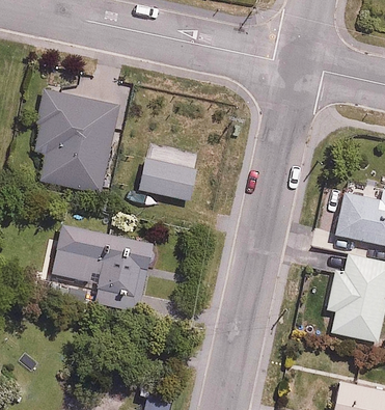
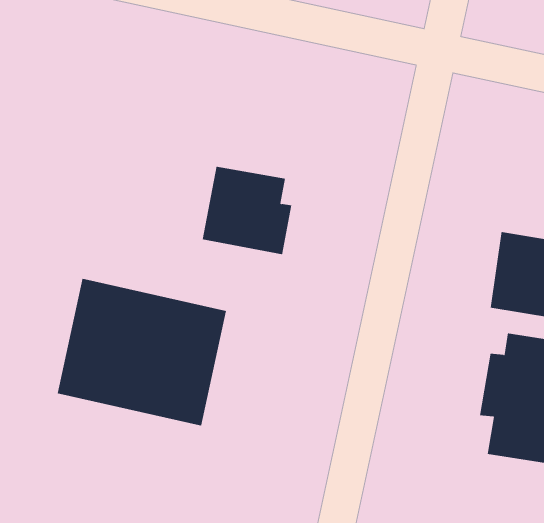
building: [35,91,120,192] -> none

